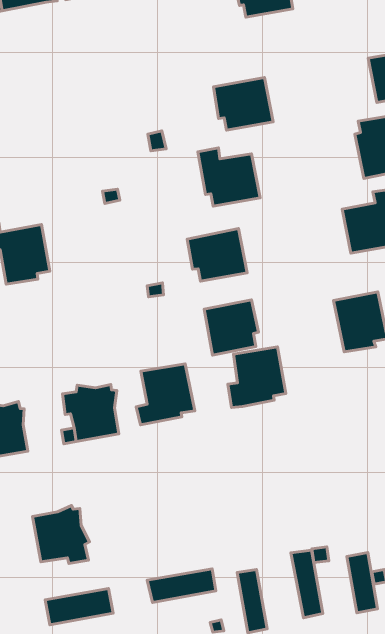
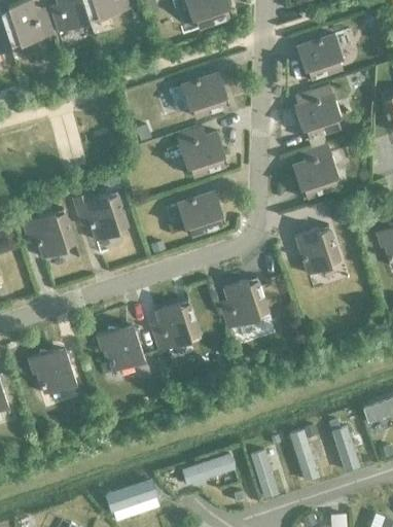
building: none -> [72,190,127,241]
building: [204,300,258,355] -> none
building: [33,506,89,563] -> none

